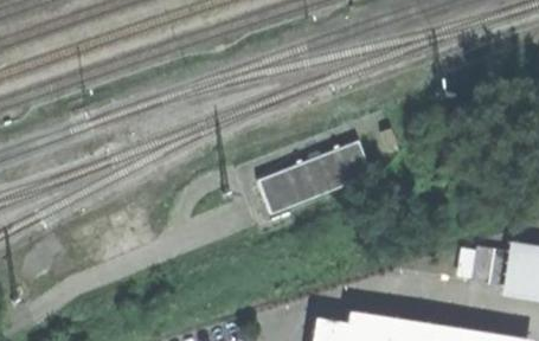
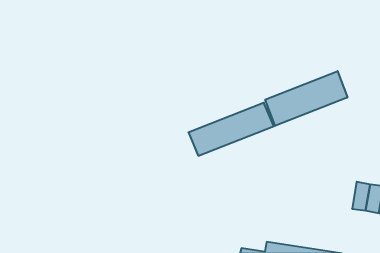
building: none -> [265,71,347,126]

